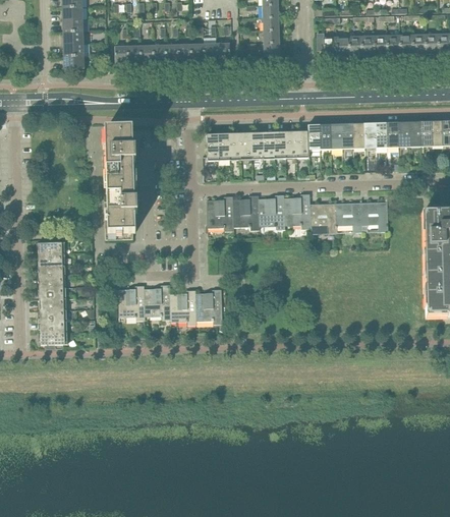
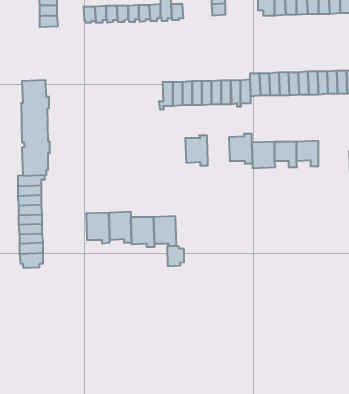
building: [104,128,137,239] -> [21,80,50,176]
building: [259,194,285,229] -> none
building: [208,195,234,230] -> none
building: none -> [167,246,184,266]

